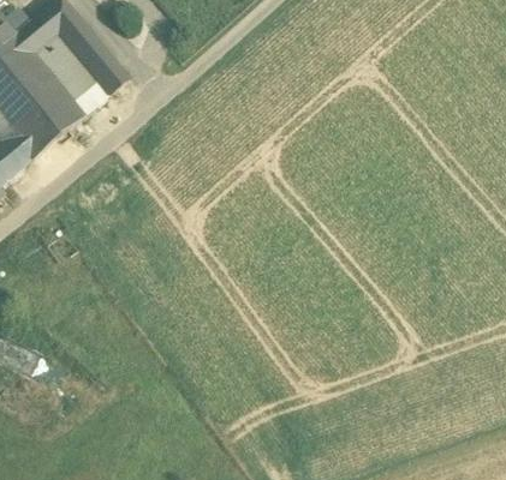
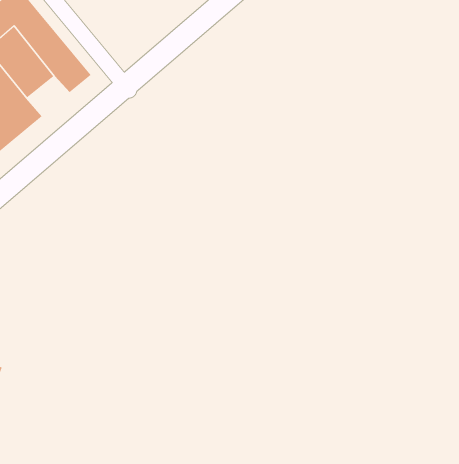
building: [60,82,100,119] -> none

